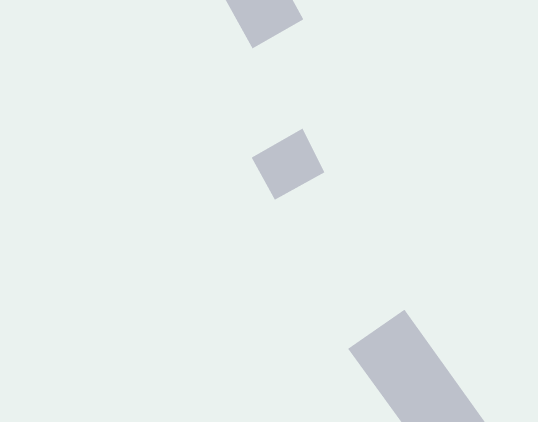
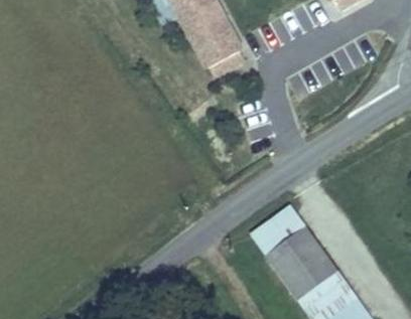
building: [251,128,325,201] -> [193,22,244,71]

